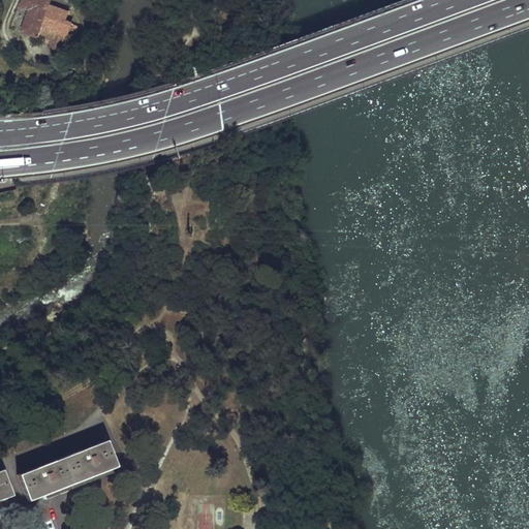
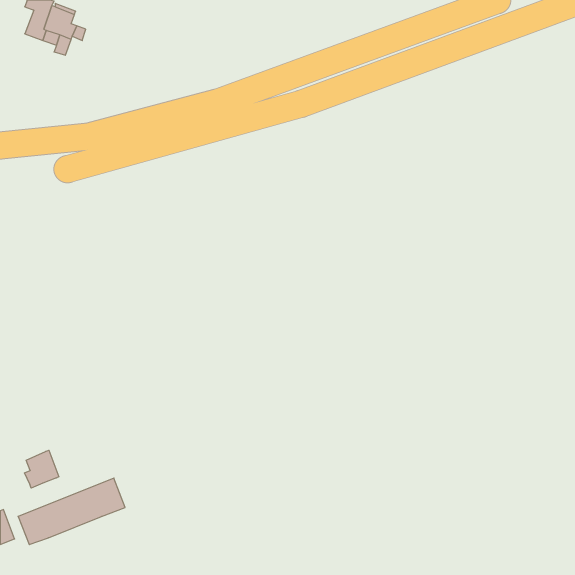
building: none -> [24,450,59,488]

